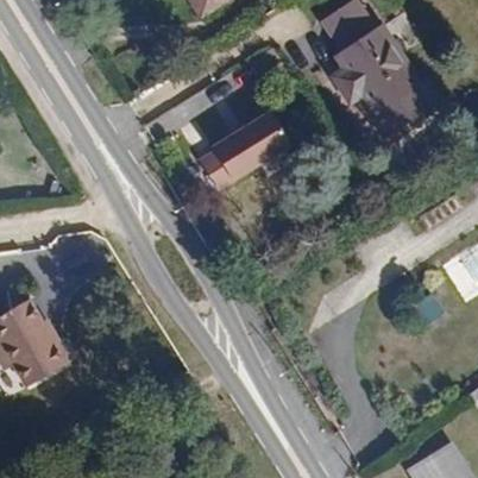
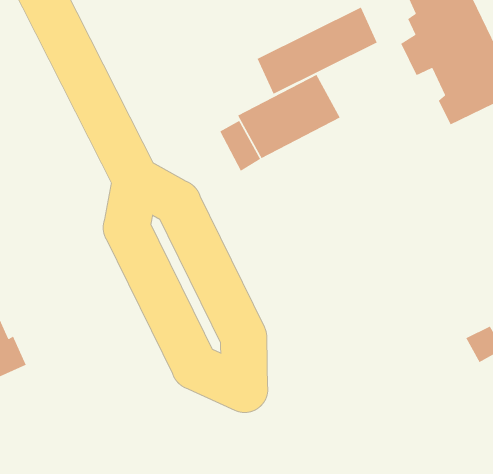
building: none -> [257,7,378,95]

